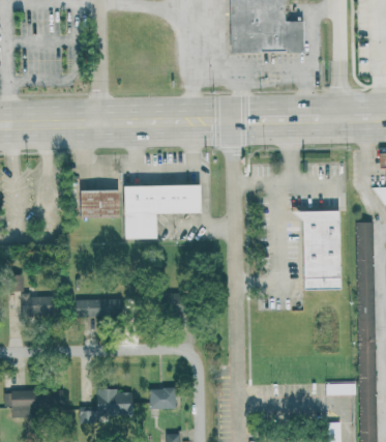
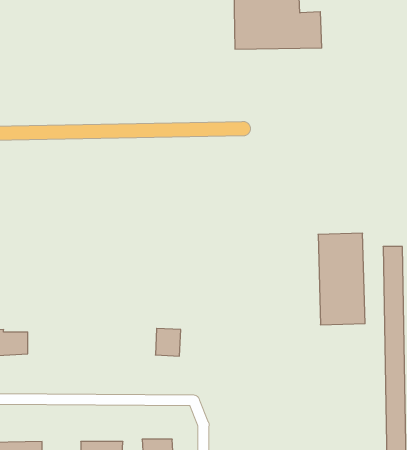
building: [123,185,200,239] -> none
building: [79,190,119,217] -> none
building: [76,299,120,321] -> none

